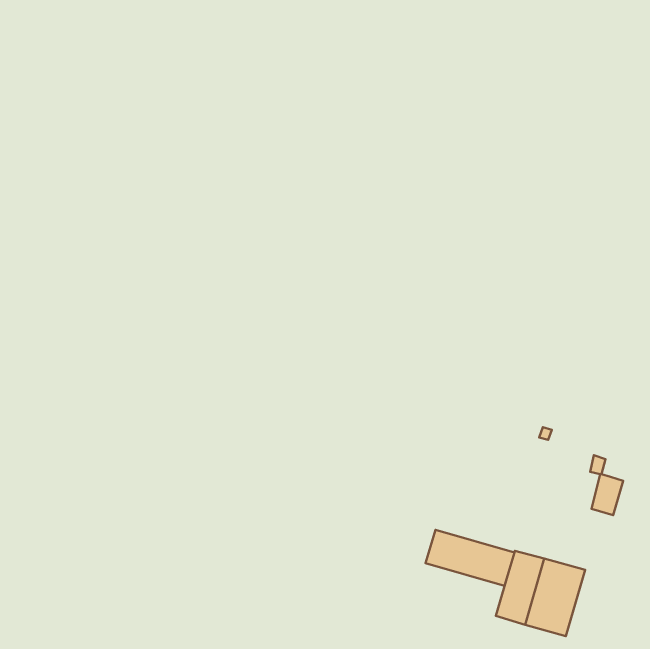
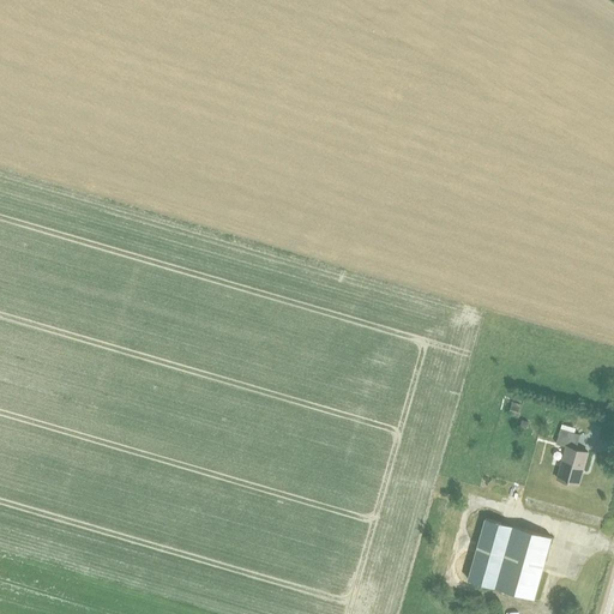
building: [426,530,514,586] -> none

